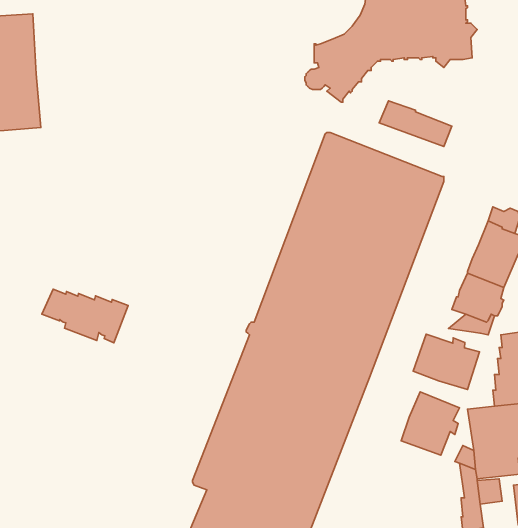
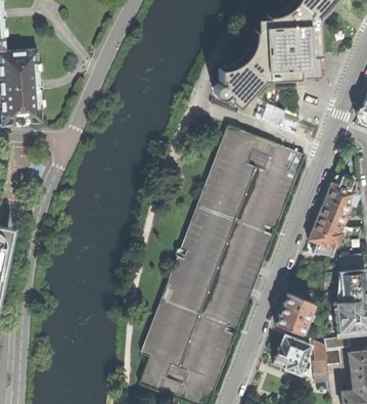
building: [42,289,128,343] -> none
building: [413,334,479,389] -> none
building: none -> [274,334,312,374]

